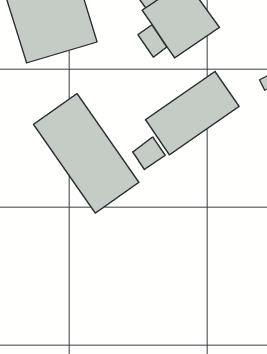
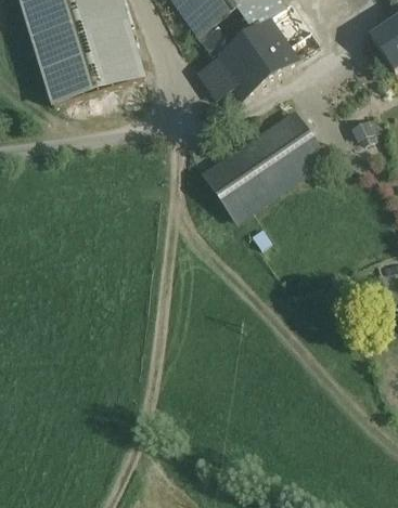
building: [34,94,139,213] -> none
building: [133,137,165,170] -> none

